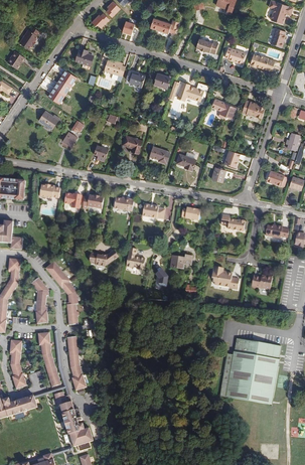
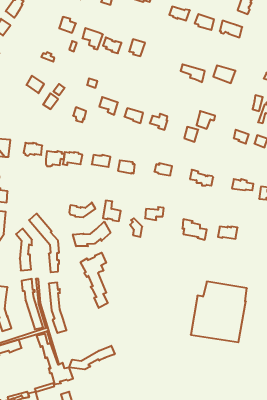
building: [168,84,206,103] -> none
building: none -> [73,222,110,246]
building: none -> [81,253,108,308]
building: none -> [69,346,115,369]

